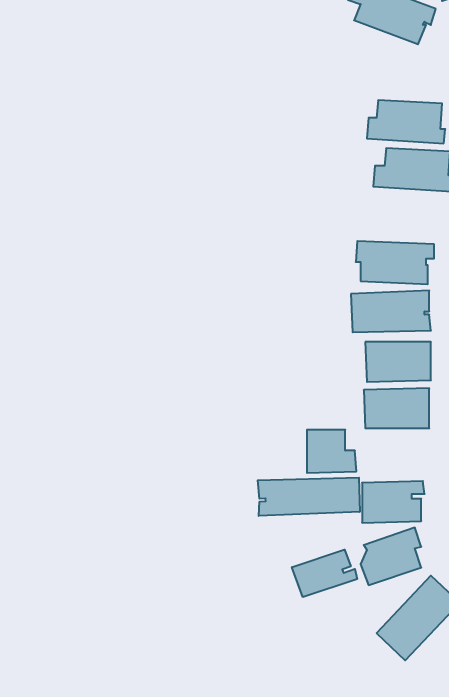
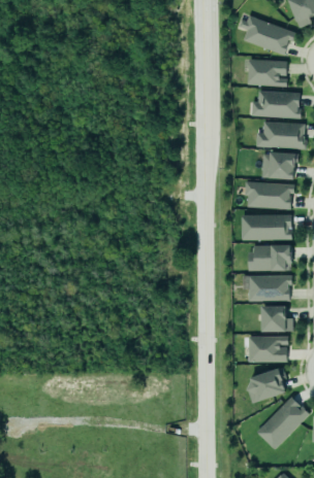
building: none -> [247,59,287,87]
building: none -> [261,150,297,177]
building: [307,430,356,473] -> [261,304,293,332]
building: [258,478,360,516] -> none
building: [292,550,357,597] -> none

